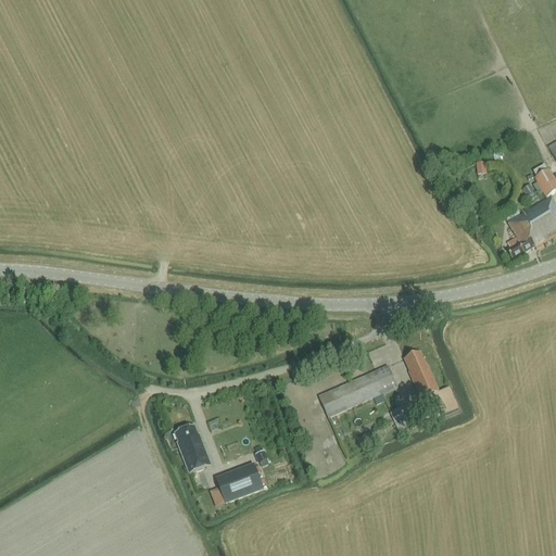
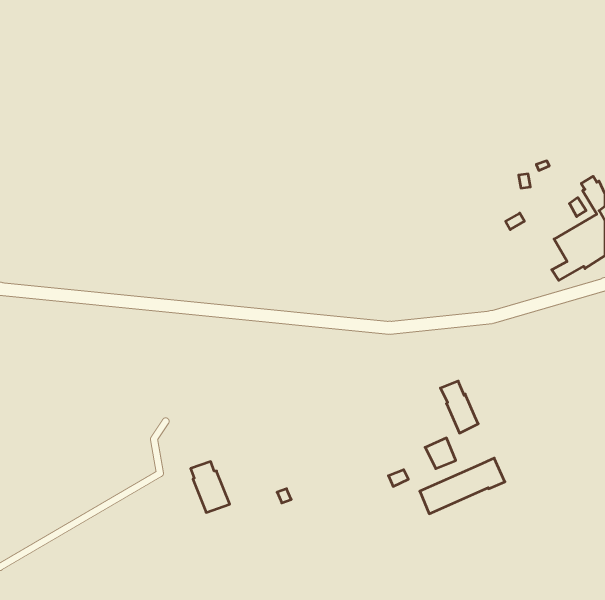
building: [319,364,397,415] -> [420,458,505,514]
building: [216,462,264,502] -> none

